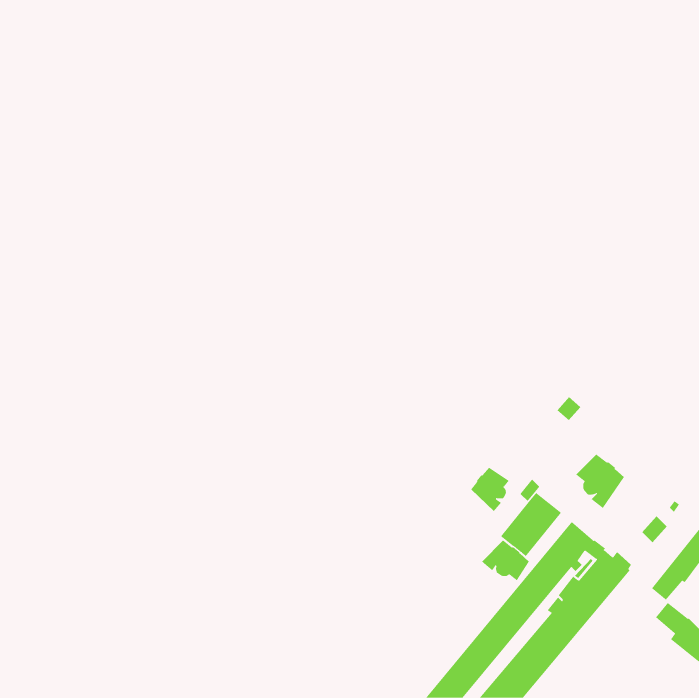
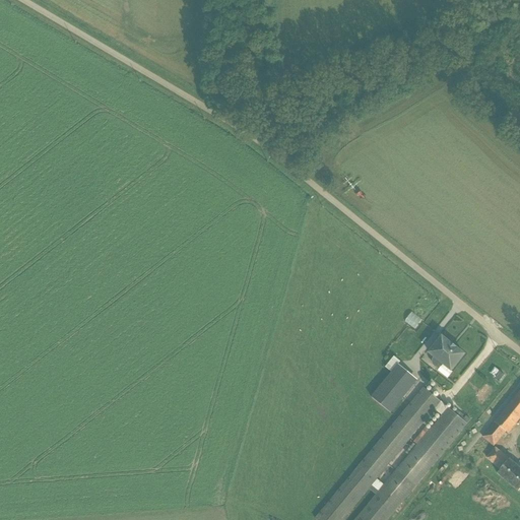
building: [471,467,509,512] -> none
building: [481,540,530,581] -> none

